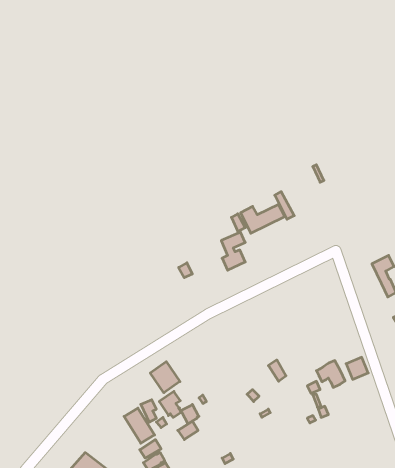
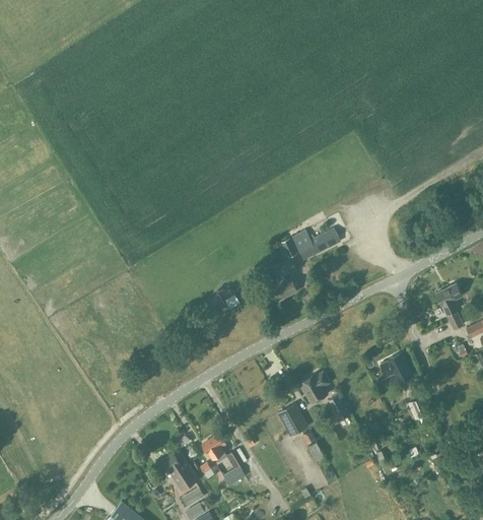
building: none -> [299,372,329,404]
building: [316,361,345,387] -> [380,353,411,383]
building: [150,362,180,393] -> none
building: none -> [278,404,306,436]

